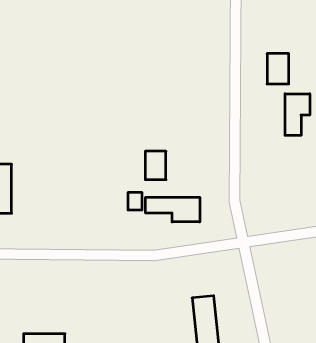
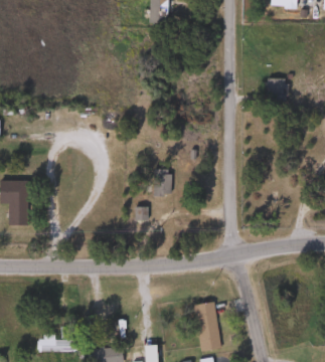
building: [285,94,310,135] -> none
building: [146,197,200,222] -> none

